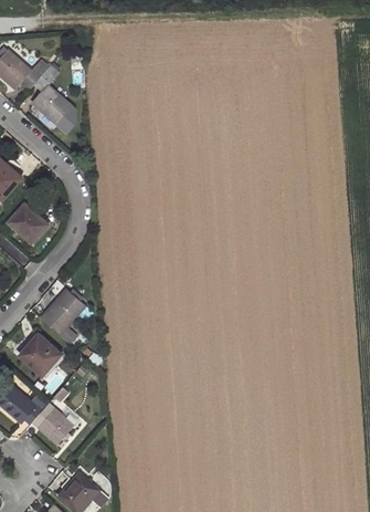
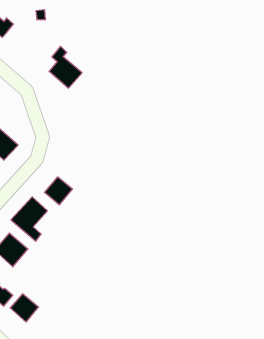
building: [31,71,72,123] -> [49,46,82,88]
building: none -> [45,177,72,205]

